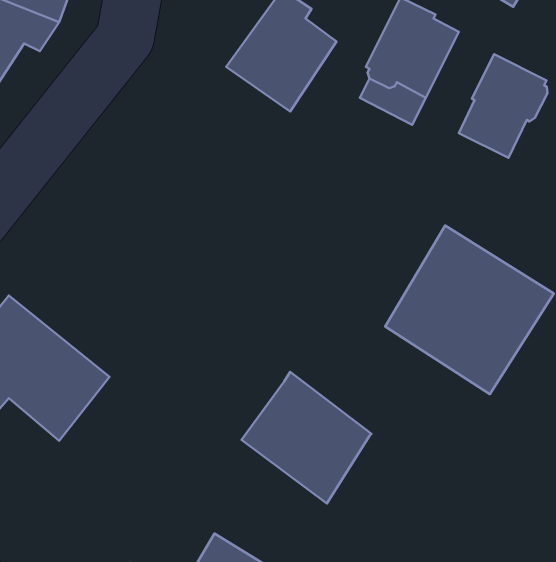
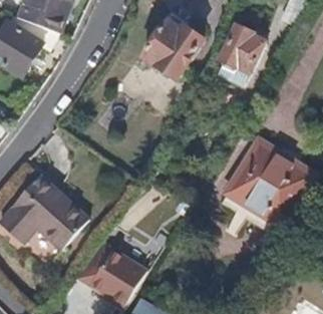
building: [459,54,547,158] -> none
building: [242,372,372,504] -> [77,238,144,306]

